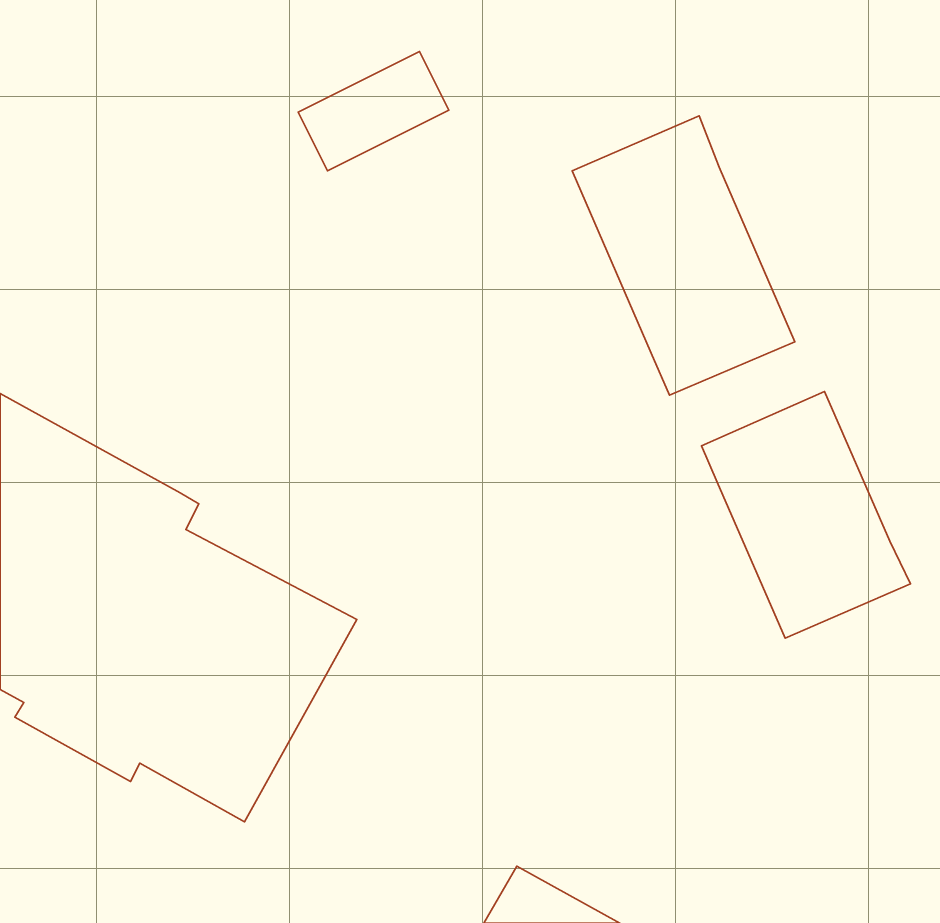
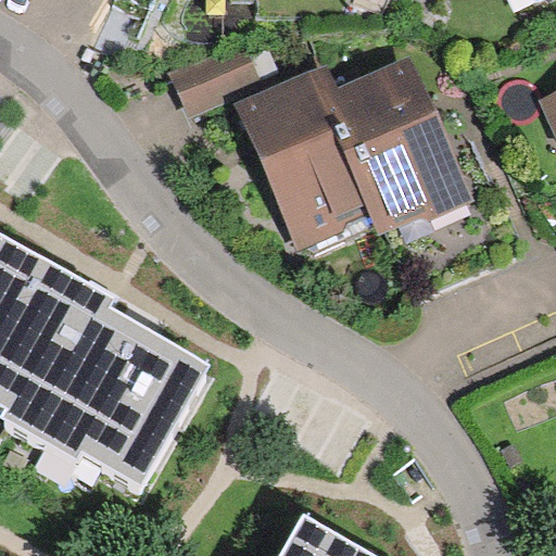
building: none -> [235,74,384,248]
building: [702,392,910,638] -> none

